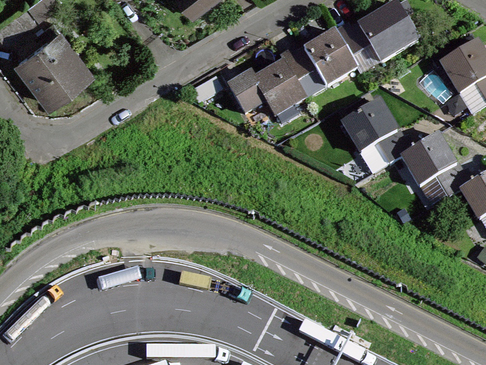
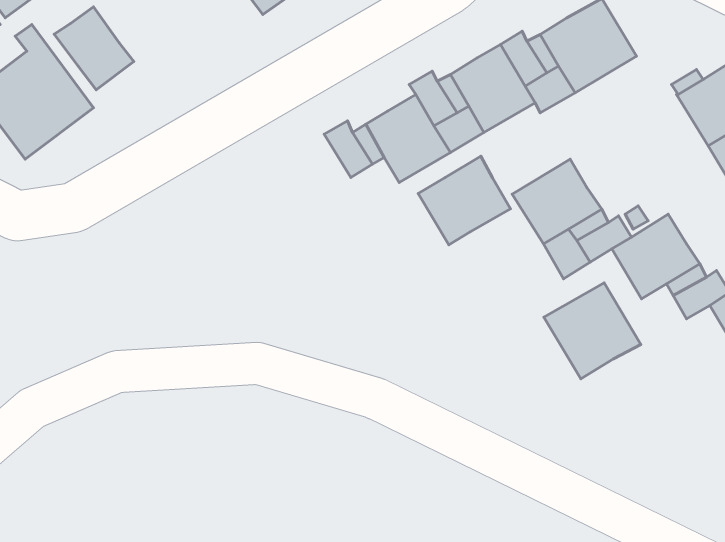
building: none -> [54,7,134,90]
building: none -> [418,156,511,245]
building: none -> [544,283,641,379]

